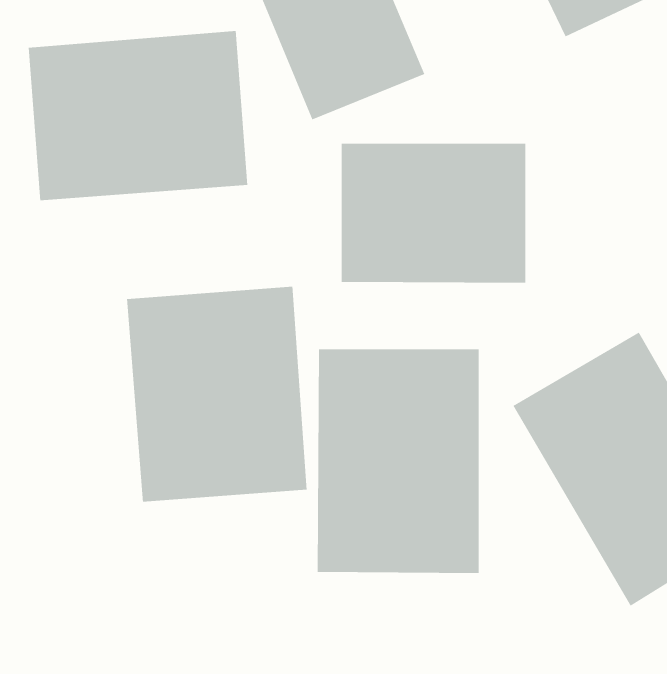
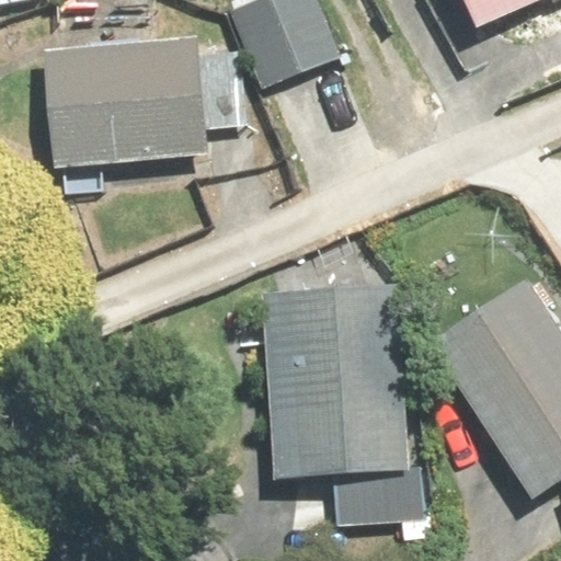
building: [341,143,526,283] -> none
building: [126,286,307,503] -> none

